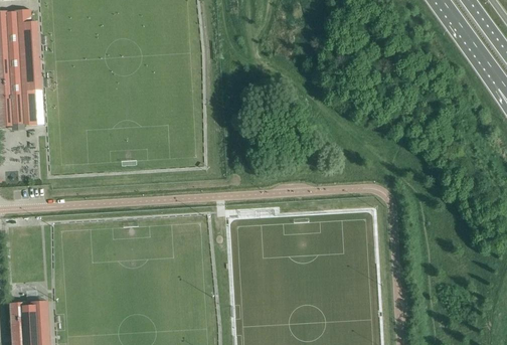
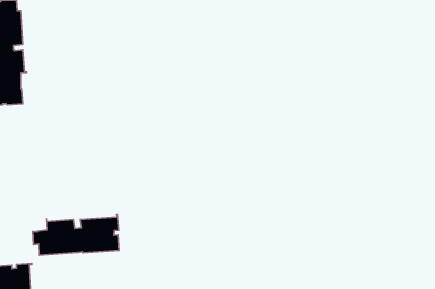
building: none -> [33,214,119,255]

